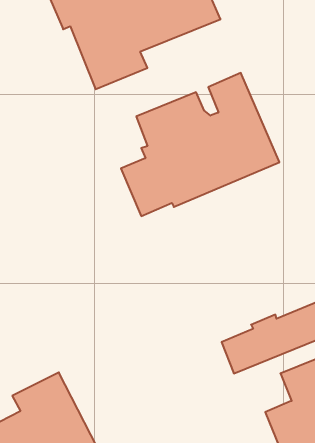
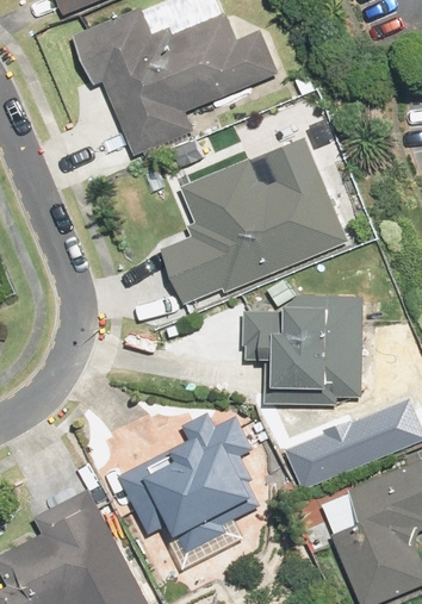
building: none -> [242,297,362,406]
building: none -> [118,412,257,555]

